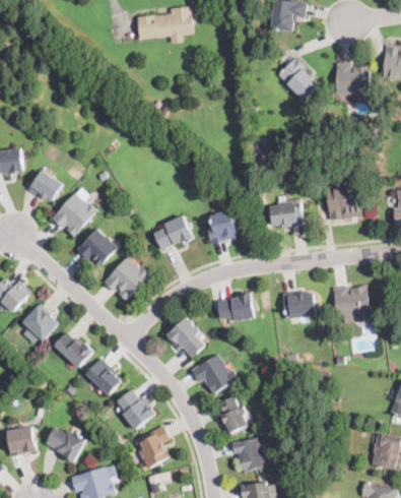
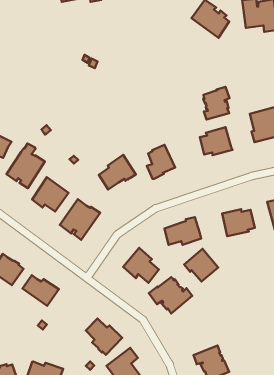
building: none -> [203,87,229,119]
building: none -> [184,249,218,281]
building: [86,358,121,394] -> none
building: [217,395,248,434] -> none

